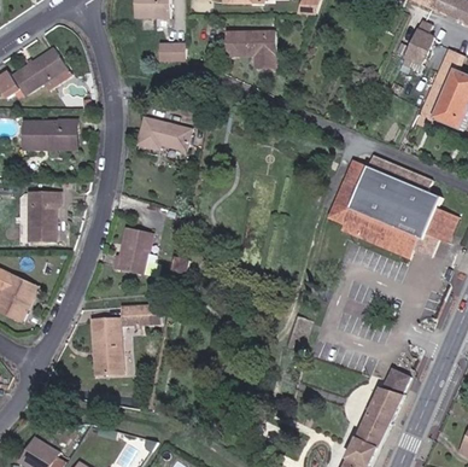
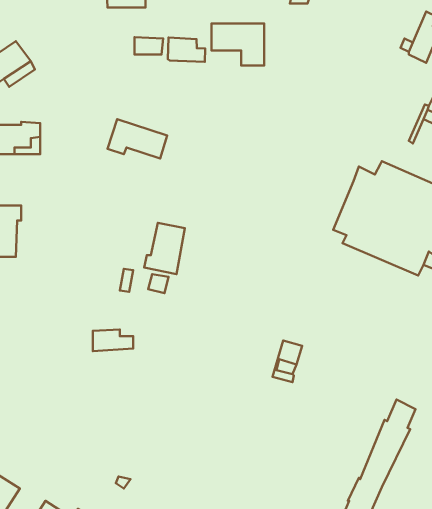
building: none -> [168,38,205,62]
building: [113,228,150,274] -> [144,223,185,274]
building: [90,319,121,375] -> none

